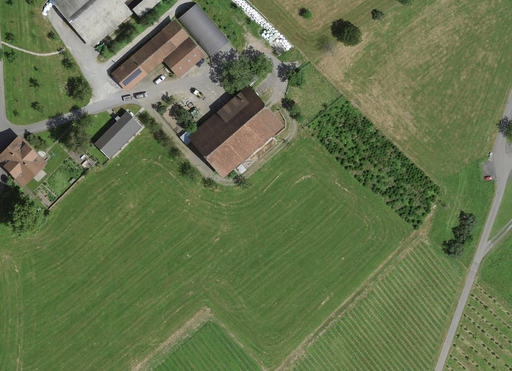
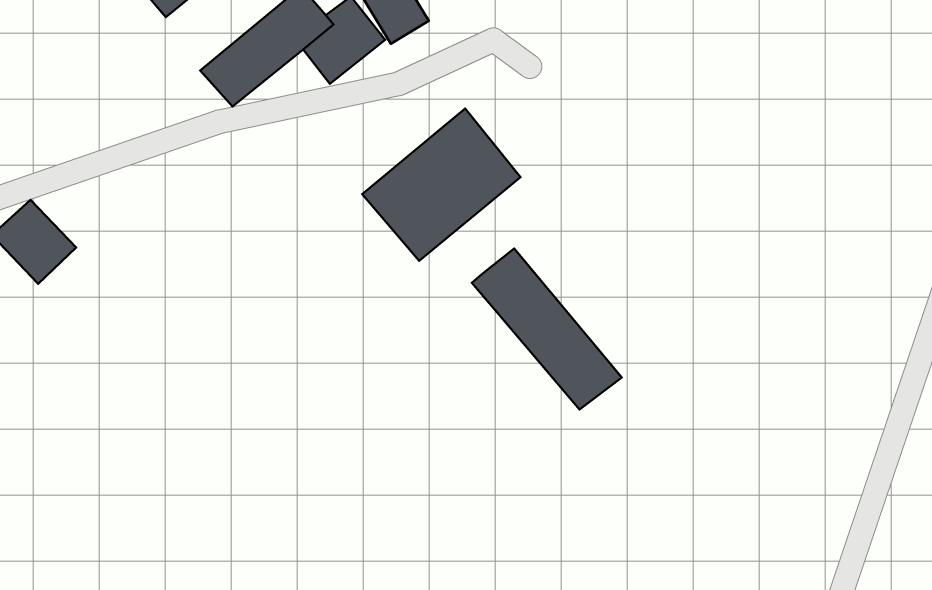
building: [97,114,140,157] -> none
building: none -> [472,248,622,410]

